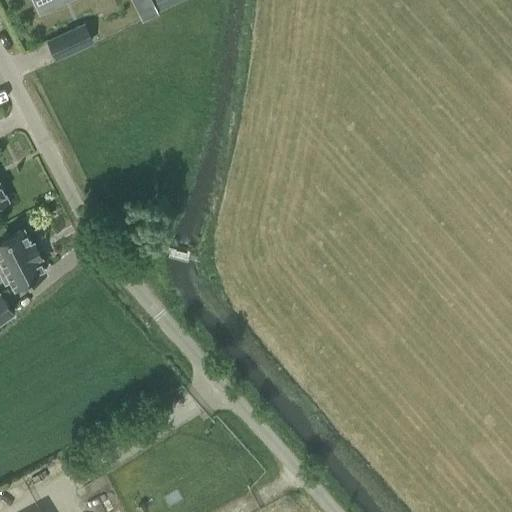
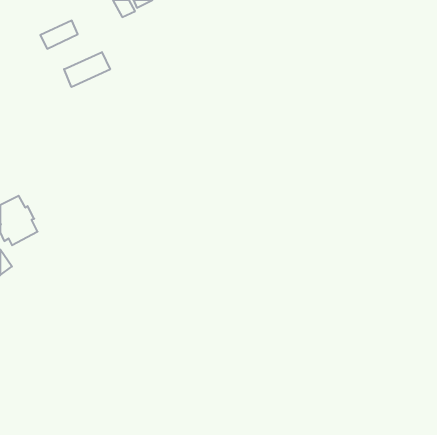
building: none -> [64,52,110,87]

